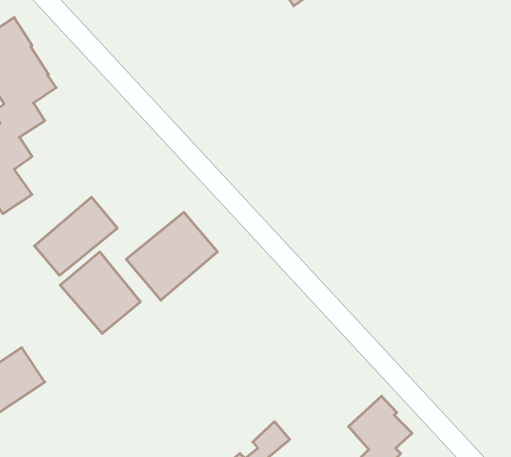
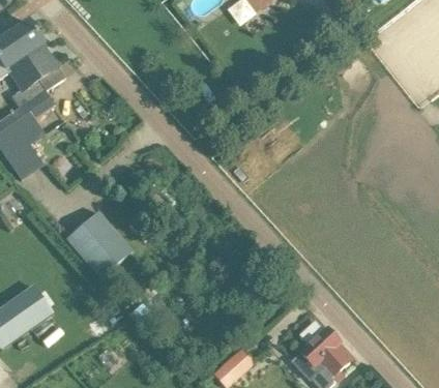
building: [34,197,117,275] -> none
building: [126,212,217,300] -> none

